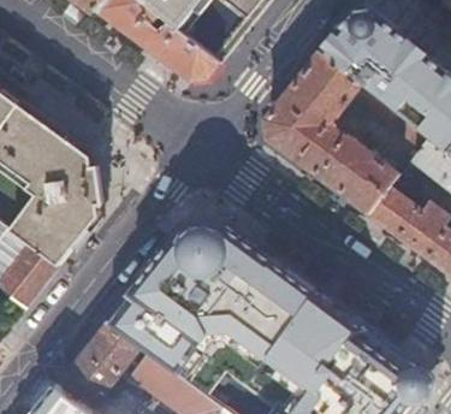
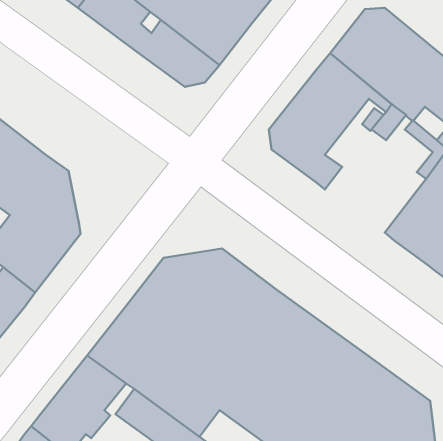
building: [316,135,399,212] -> none

